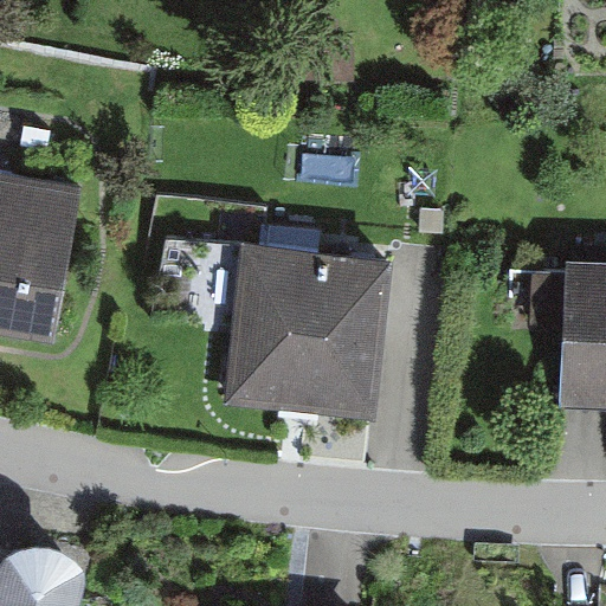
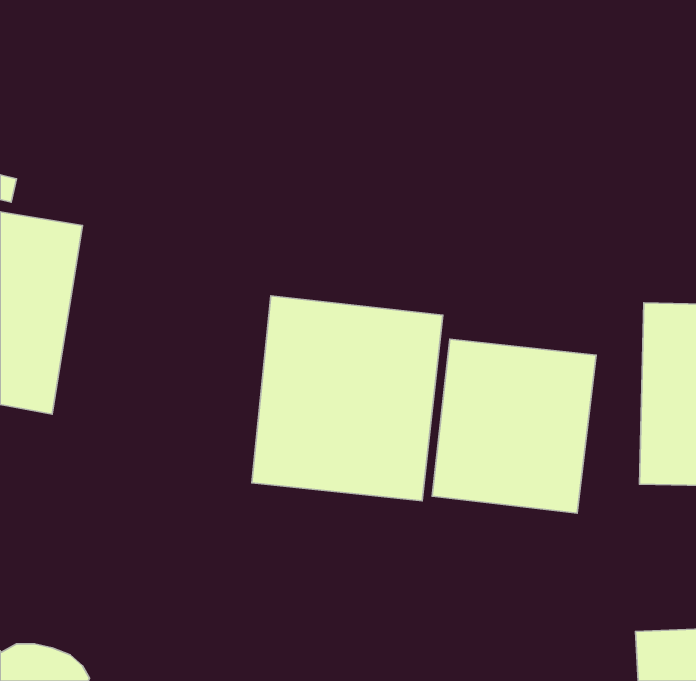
building: none -> [432,339,596,513]

